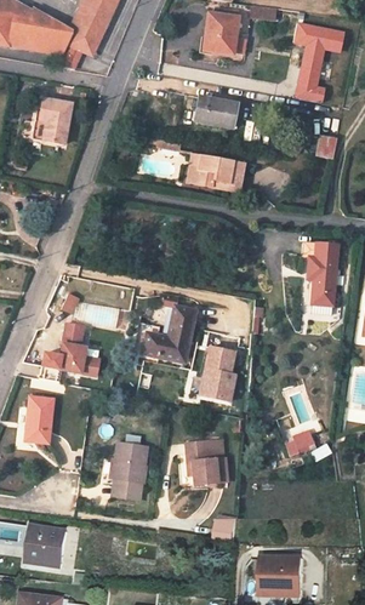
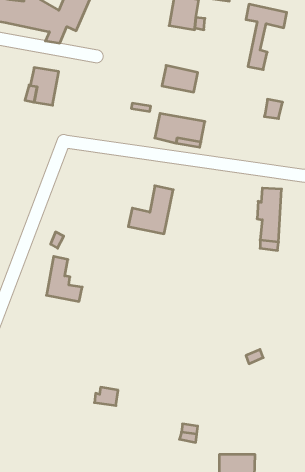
building: [142,306,195,363] -> [128,186,173,234]
building: [198,344,234,399] -> none
building: [24,396,53,443] -> none
building: [186,440,218,484] -> none
building: [113,443,147,481] -> none
building: [29,527,68,569] -> none

